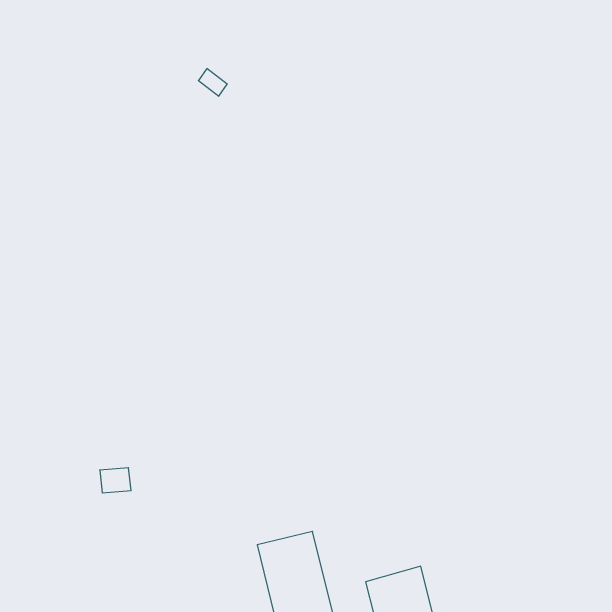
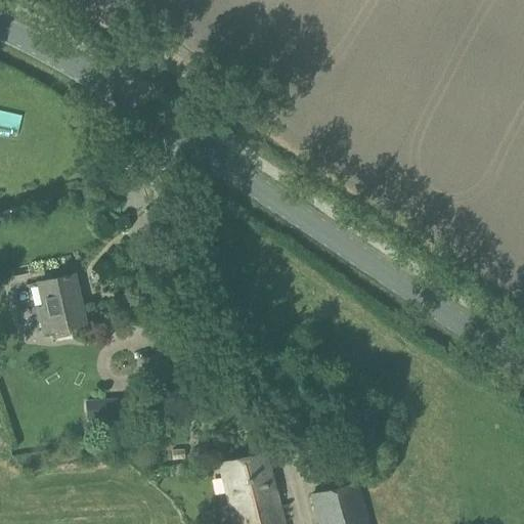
building: none -> [39,276,86,335]

